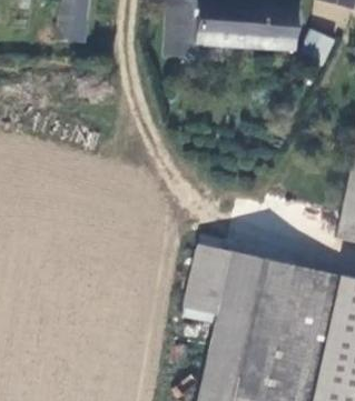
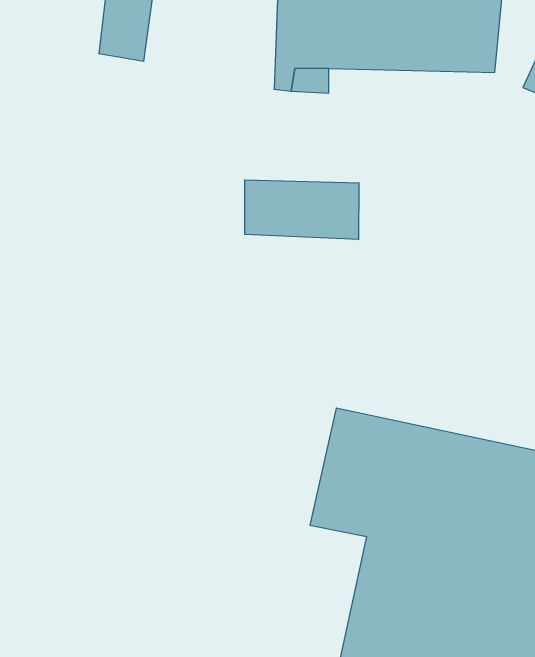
building: none -> [245,180,359,240]

